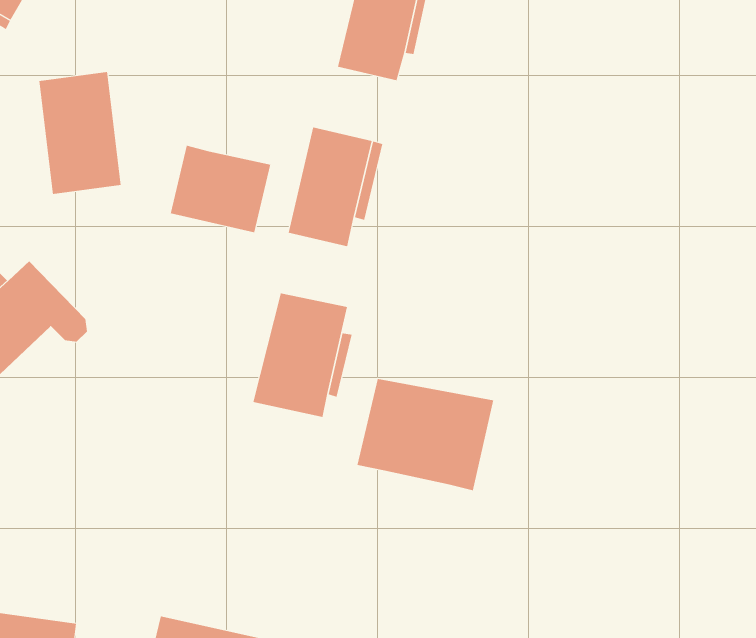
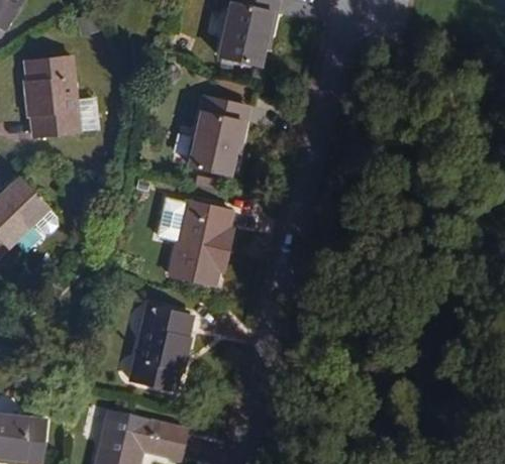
building: [170,145,271,233] -> none
building: [357,378,494,491] -> none
building: none -> [127,306,189,389]

